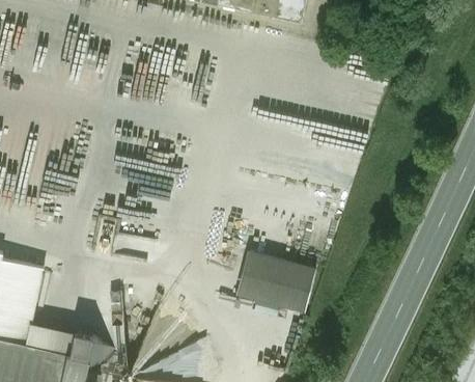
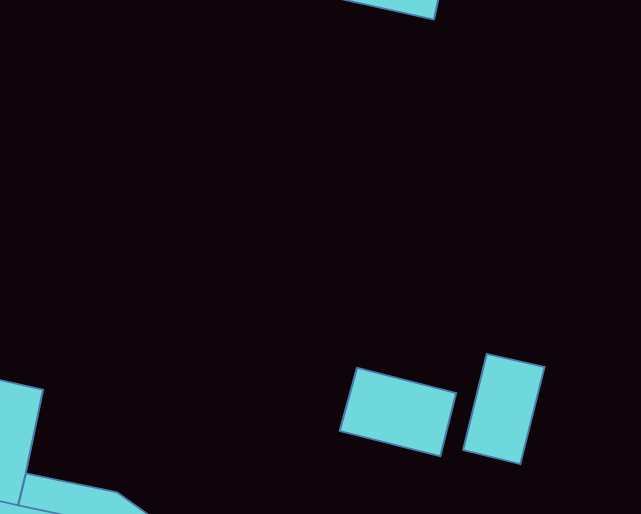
building: none -> [463,354,545,464]

